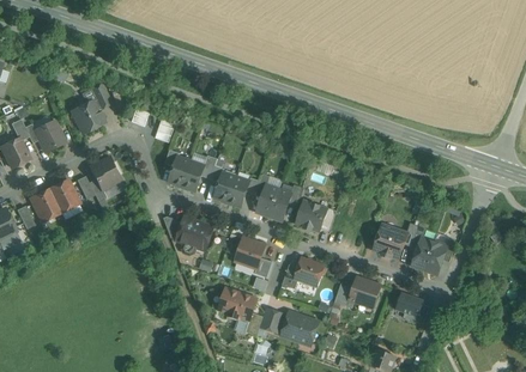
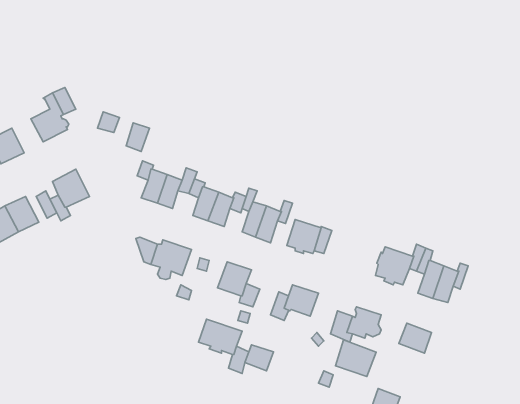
building: [282,311,318,343] -> [335,340,376,377]

